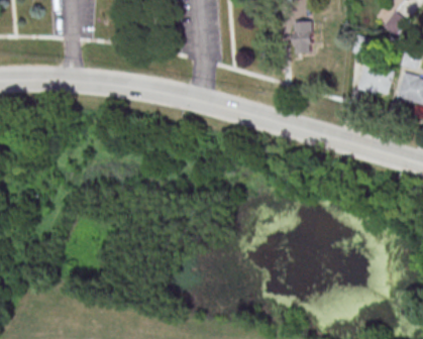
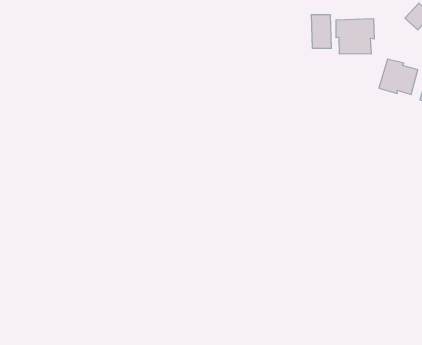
building: none -> [336,19,374,54]

